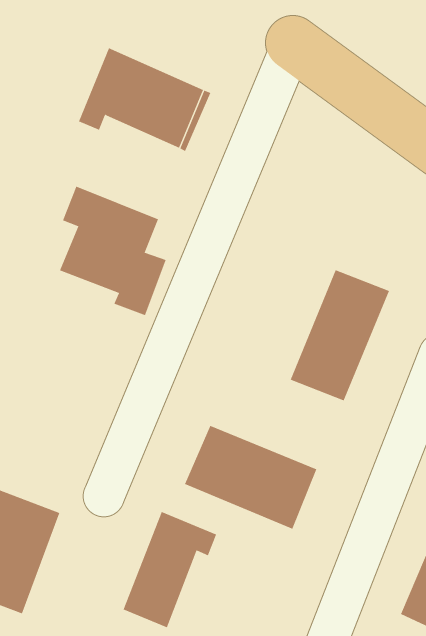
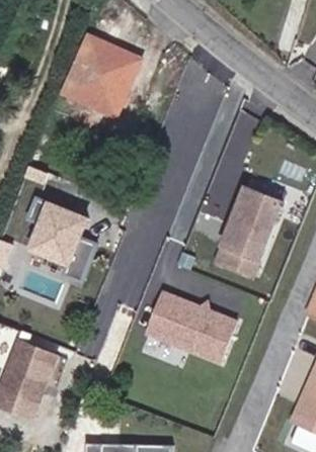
building: [59,186,167,316] -> [23,195,95,282]
building: [123,511,217,628] -> none

